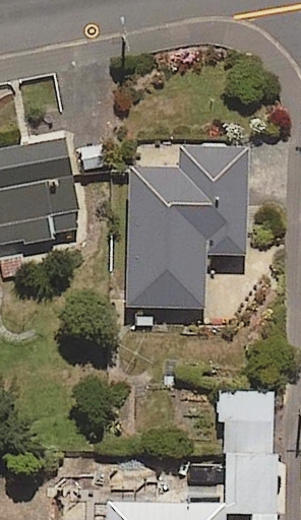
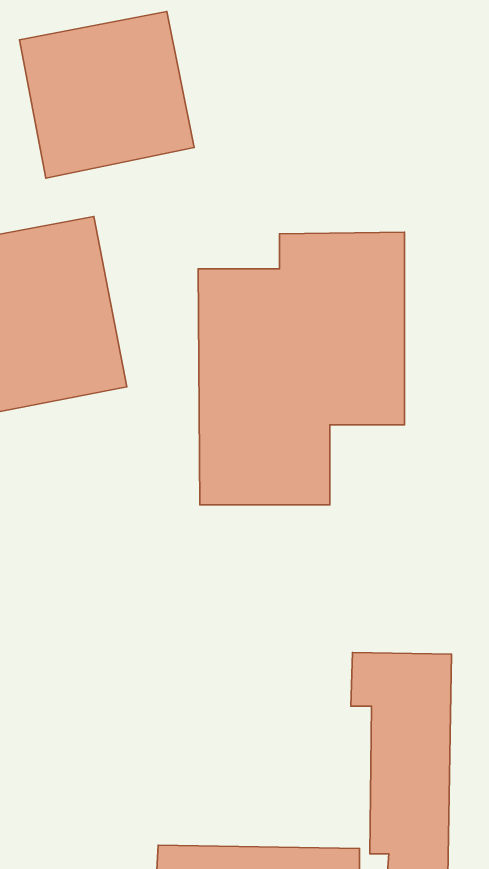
building: none -> [19,11,194,178]

